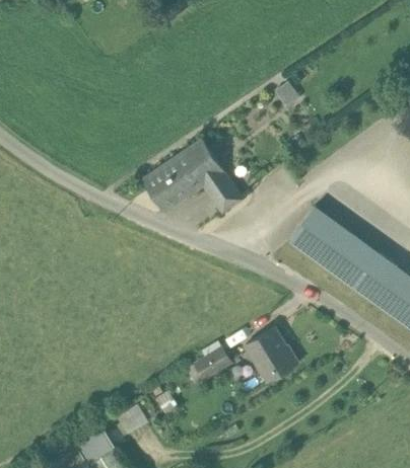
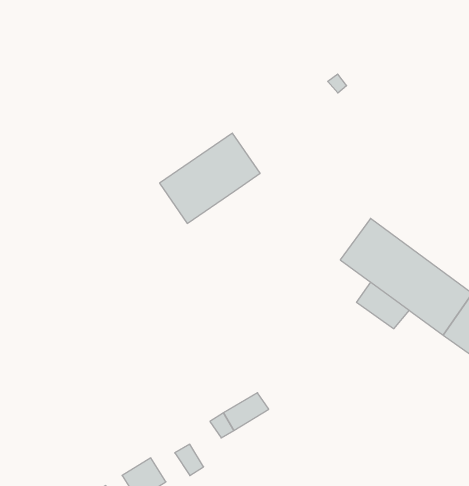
building: [205,171,245,214] -> none
building: none -> [357,282,409,329]
building: [246,328,298,382] -> none

